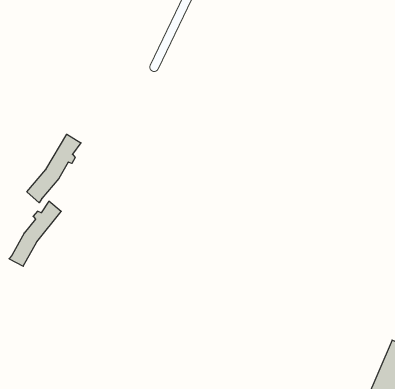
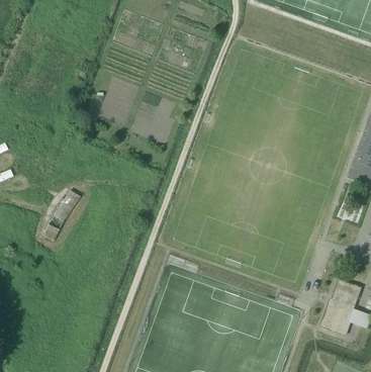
building: [27,134,81,203] -> none

